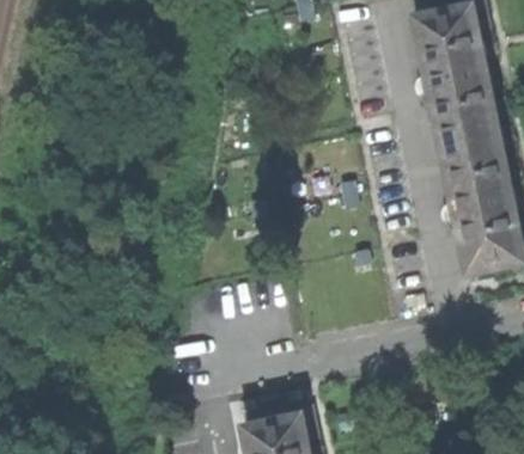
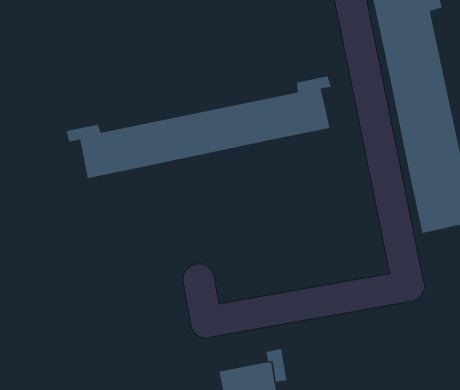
building: none -> [66,76,331,179]

